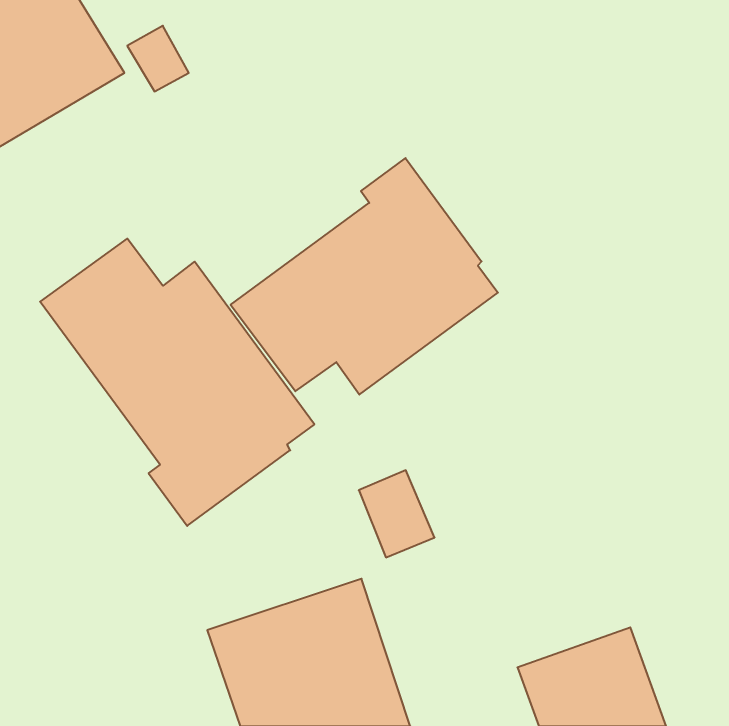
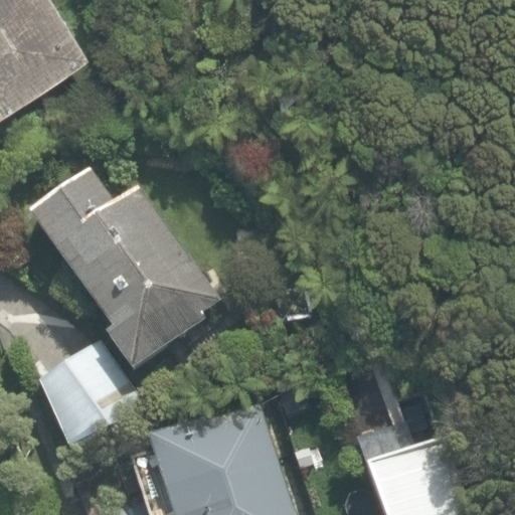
building: [231,158,498,395] -> none
building: none -> [41,338,151,446]

